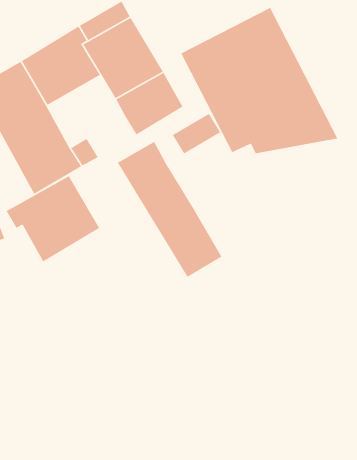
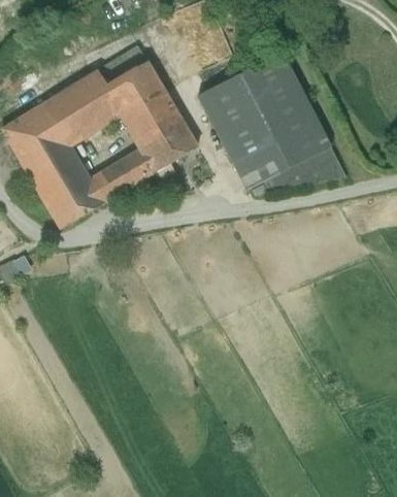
building: [172,113,221,154] -> [108,153,155,192]
building: [117,141,222,278] -> none
building: [5,175,100,263] -> none

